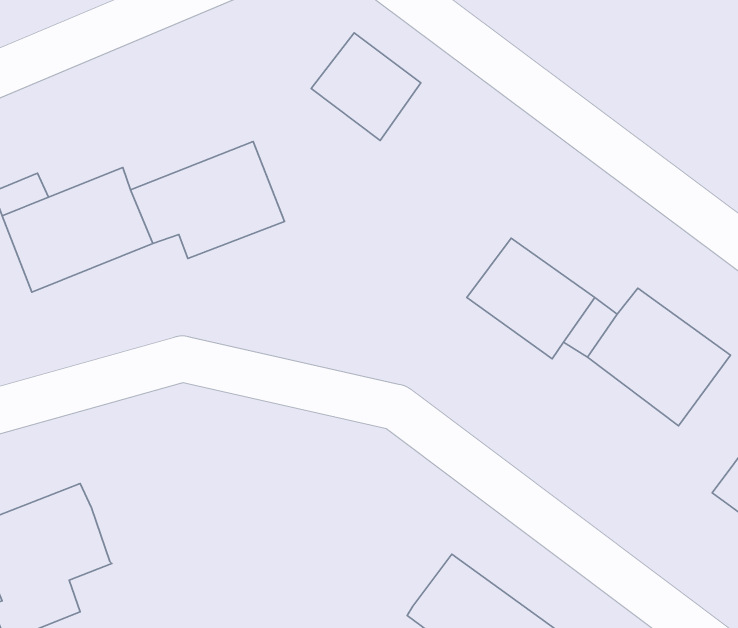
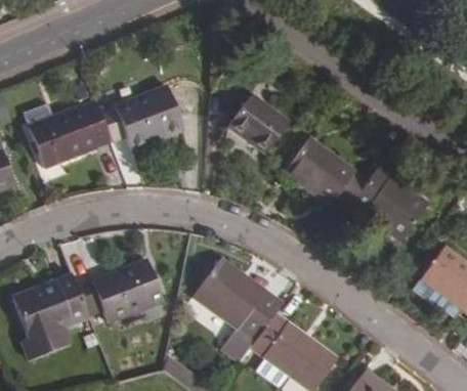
building: [311,33,421,141] -> [228,94,289,154]
building: none -> [192,257,282,341]
building: none -> [77,258,164,323]

